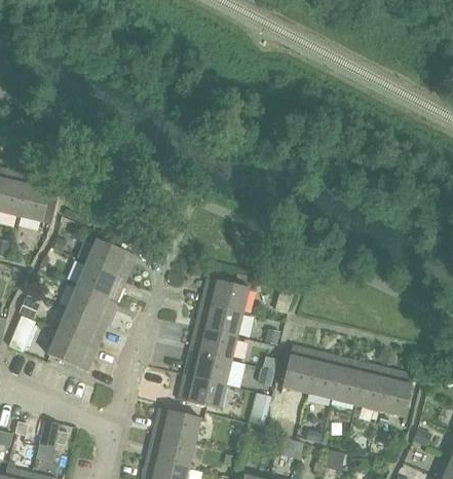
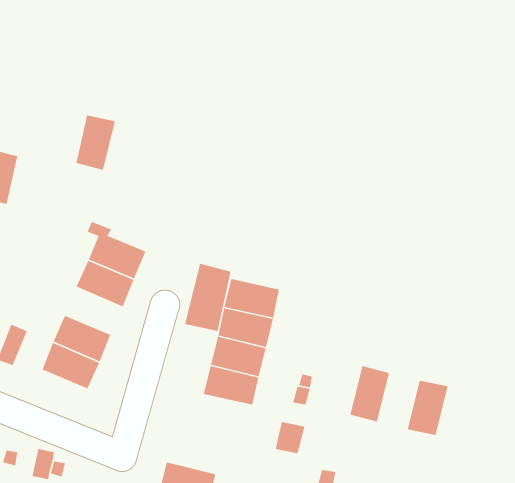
building: [20,175,53,222] -> [75,115,116,171]
building: none -> [184,263,232,332]
building: [68,285,117,325] -> none
building: [282,345,317,393] -> none
building: [331,357,366,405] -> none
building: [380,368,414,416] -> none
building: [178,375,226,410] -> none
building: [153,408,200,442] -> none

